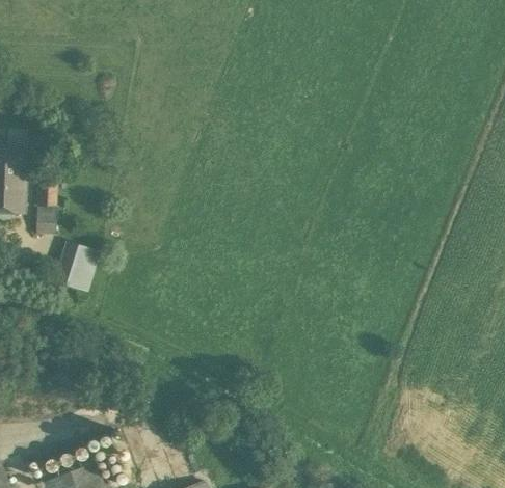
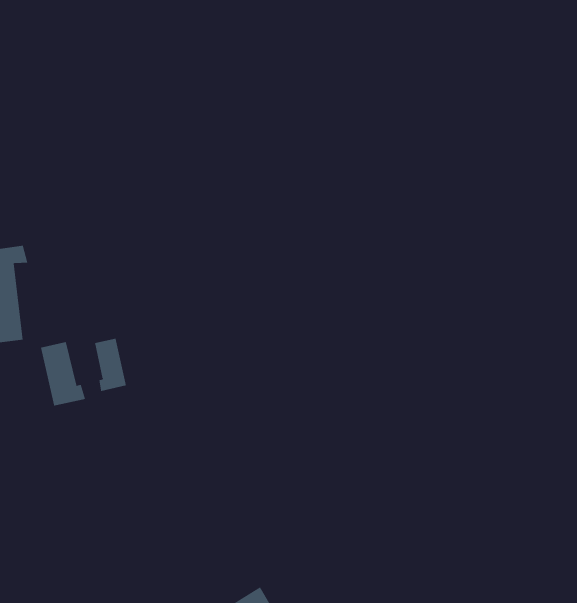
building: none -> [95,338,127,392]

